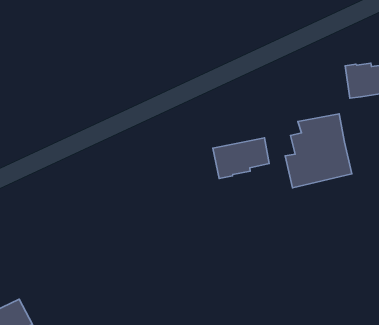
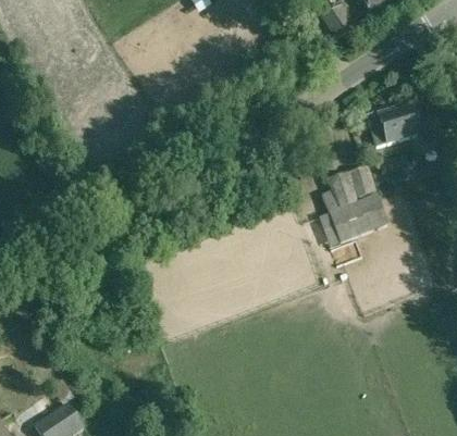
building: [213,138,269,179] -> none

